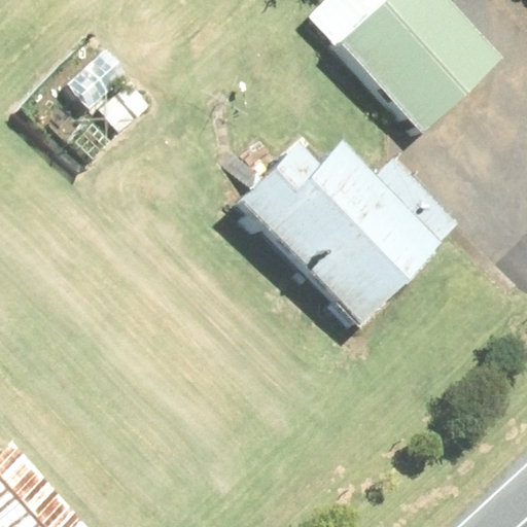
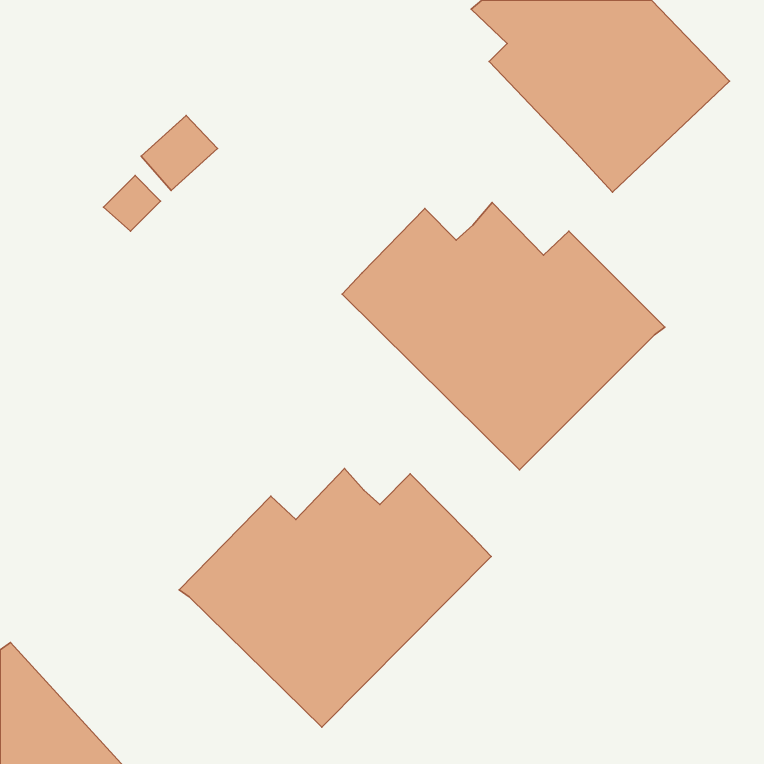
building: none -> [179,468,491,727]

